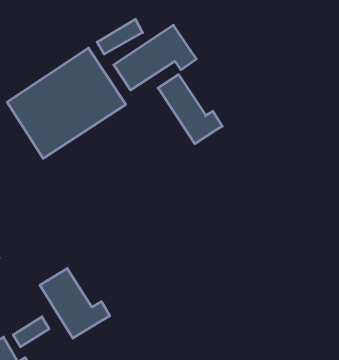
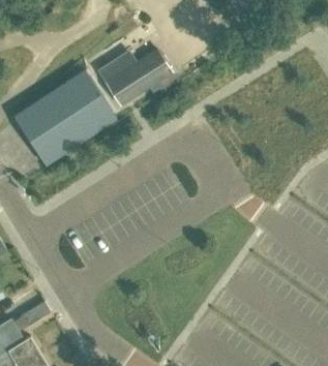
building: [158,75,222,144] -> none
building: [40,268,110,338] -> none

